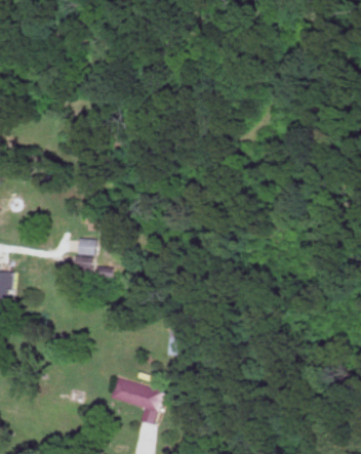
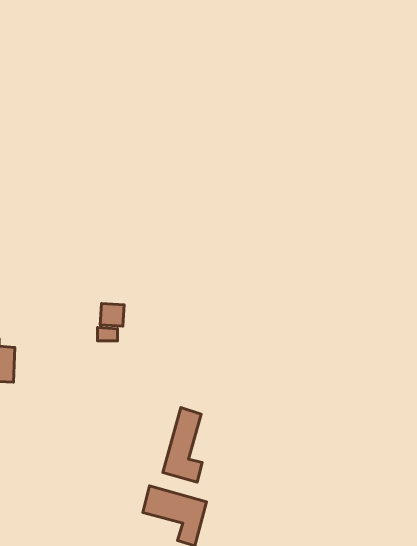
building: none -> [163,408,202,482]

